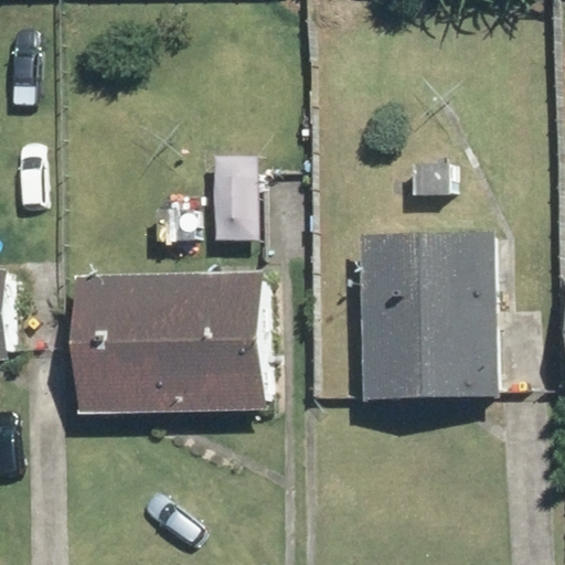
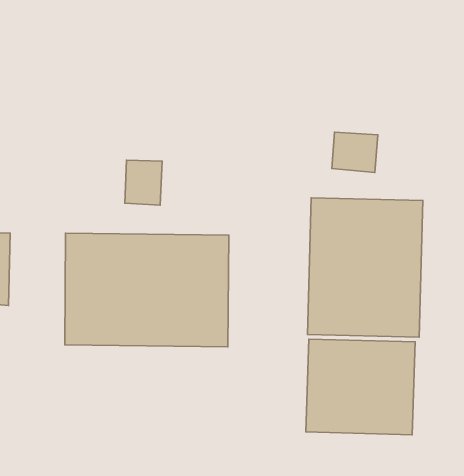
building: none -> [306,339,415,435]

